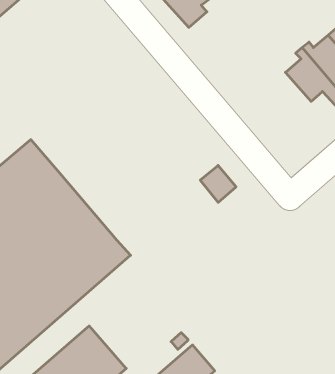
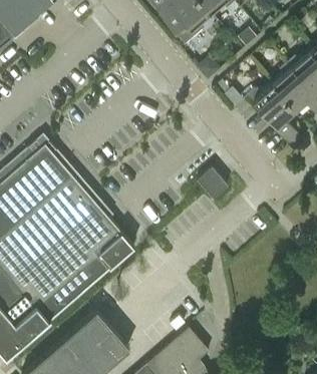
building: none -> [249,84,305,150]

